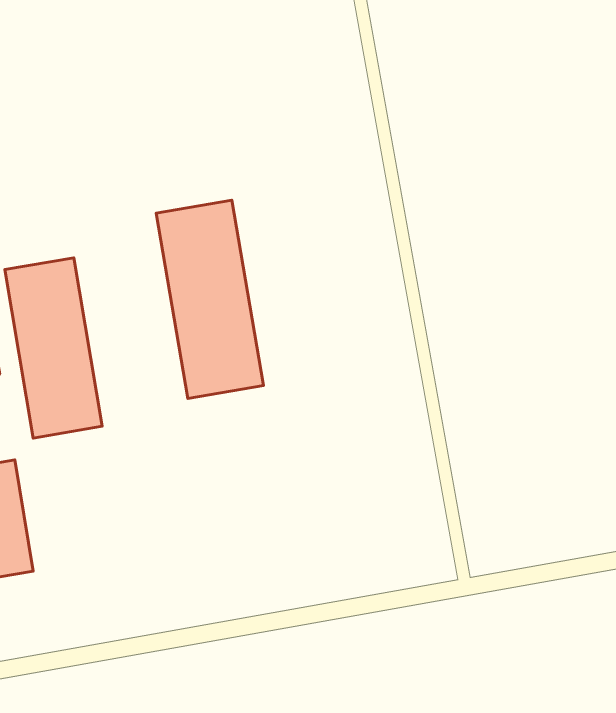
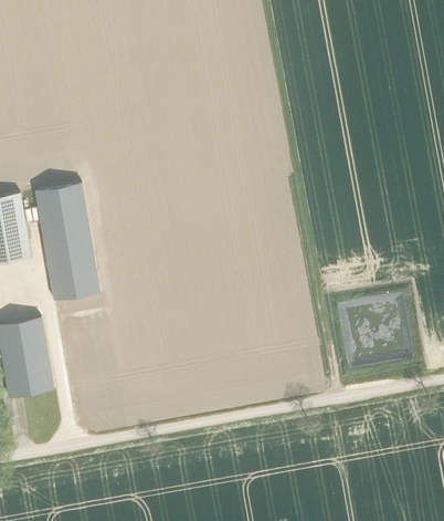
building: [156,200,263,398] -> none

